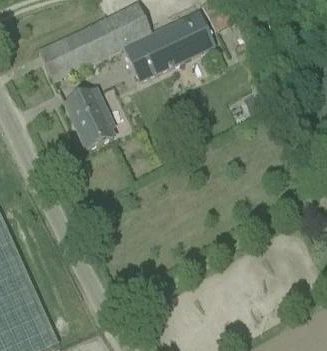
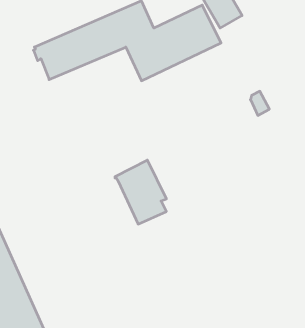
building: [64,87,113,148] -> [115,160,166,224]

